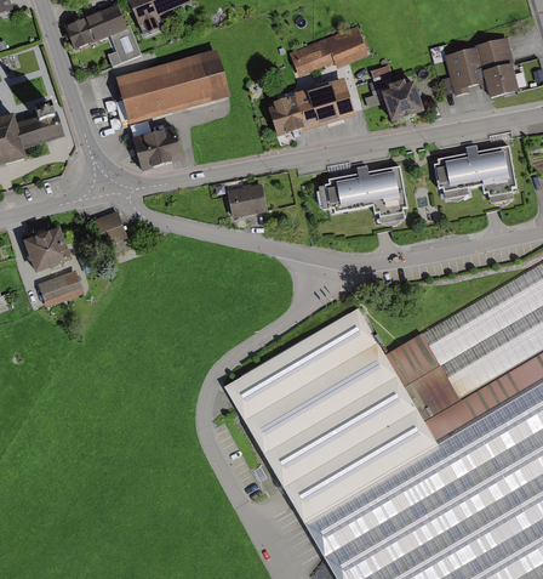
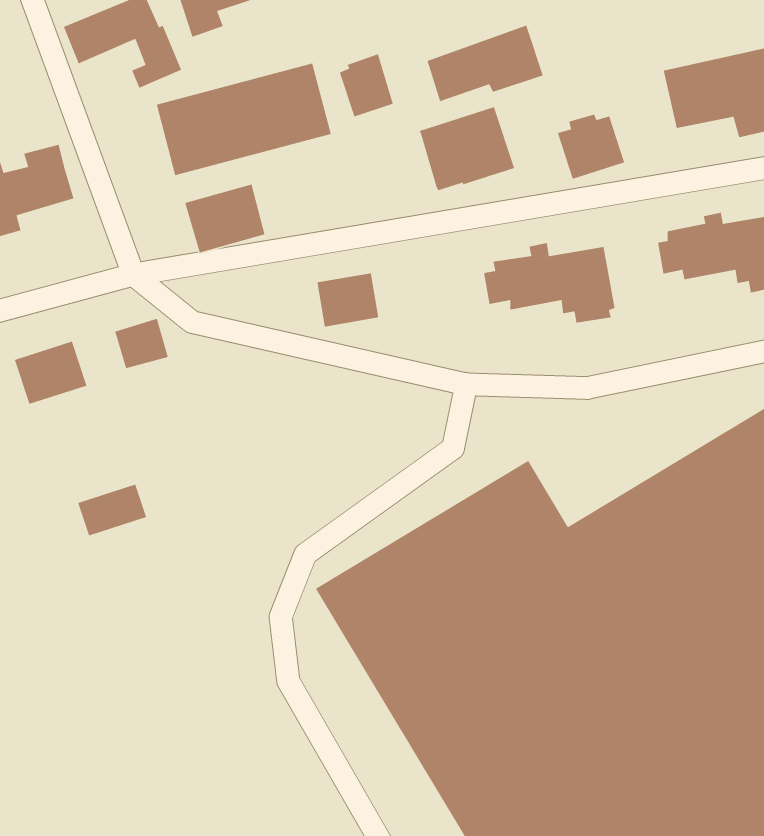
building: [263,97,298,138] -> [339,53,394,118]
building: [40,271,85,305] -> [77,484,147,536]

